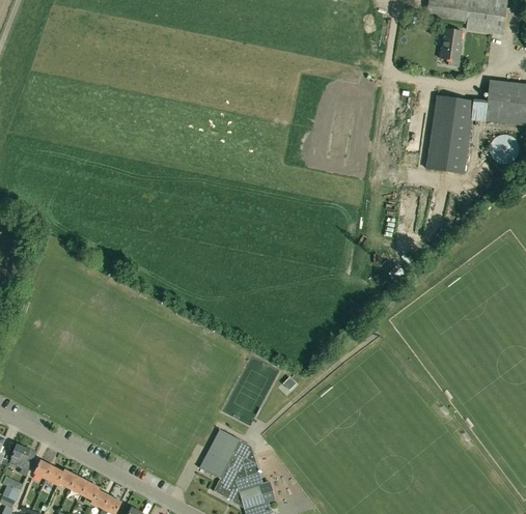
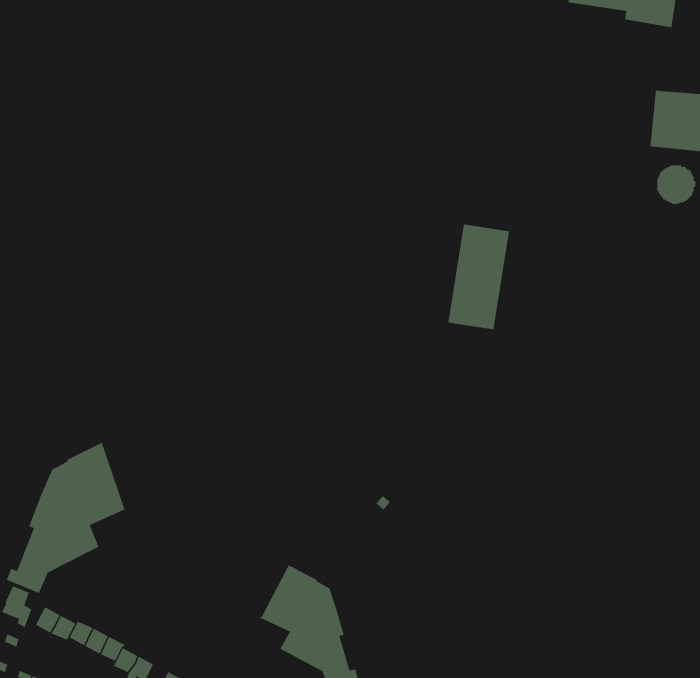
building: [441,29,462,60] -> none
building: [430,98,475,176] -> [448,224,510,330]
building: none -> [6,441,126,594]

